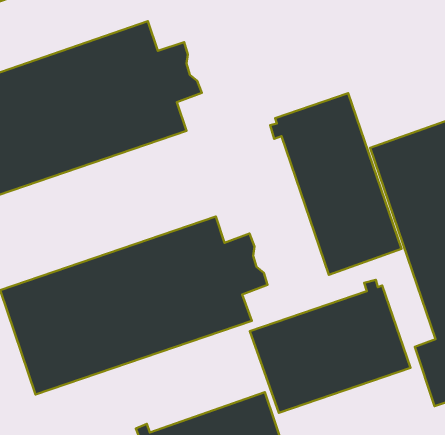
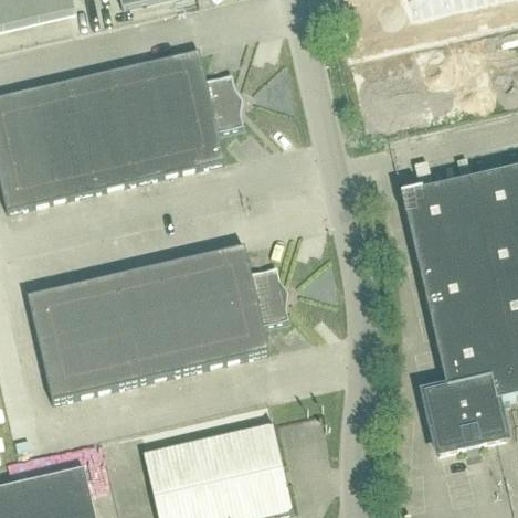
building: [270,93,401,275] -> none
building: [250,280,410,413] -> none

